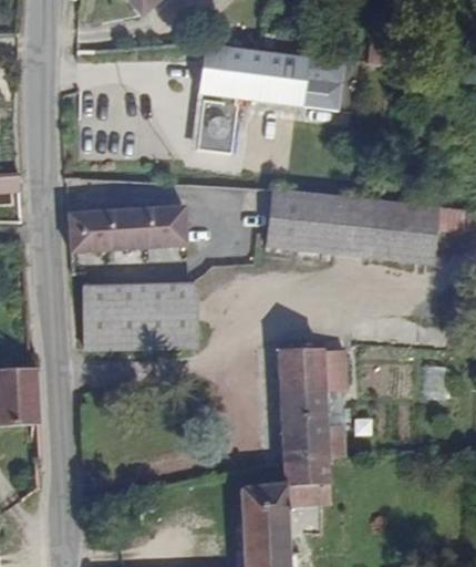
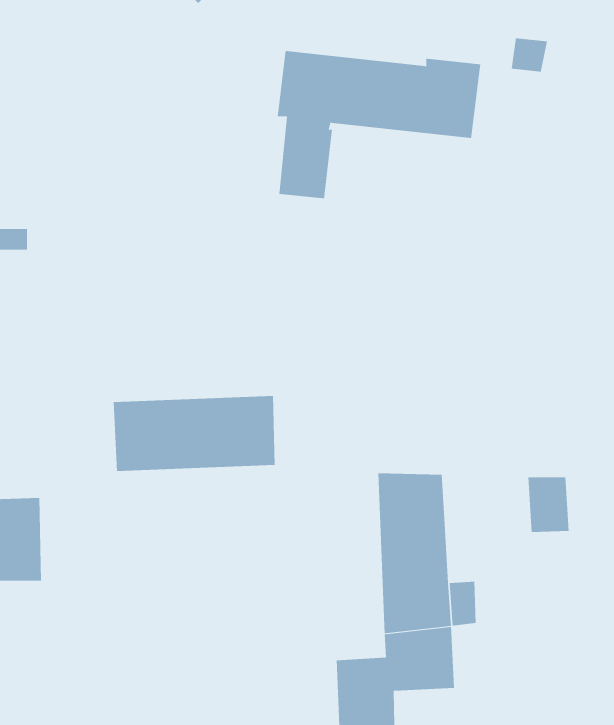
building: [270,192,435,258] -> none
building: [66,205,185,251] -> none
building: [320,349,350,389] -> [528,477,569,533]

